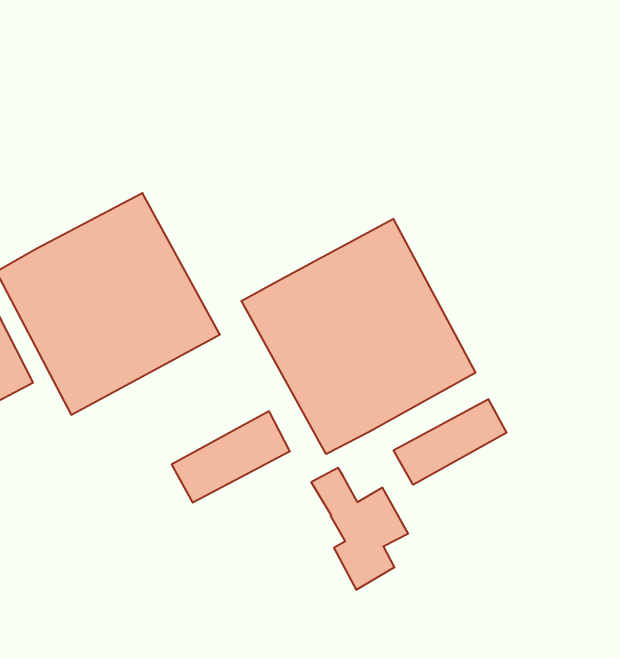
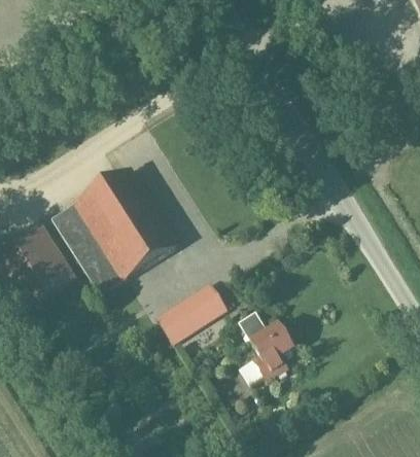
building: [241,219,476,454] -> none
building: [394,399,506,485] -> none

